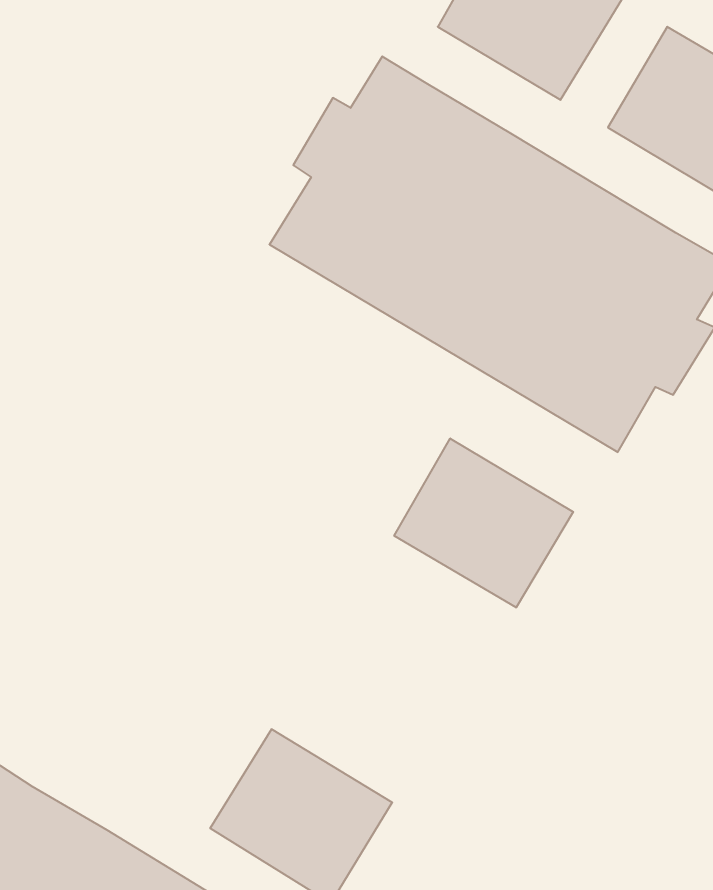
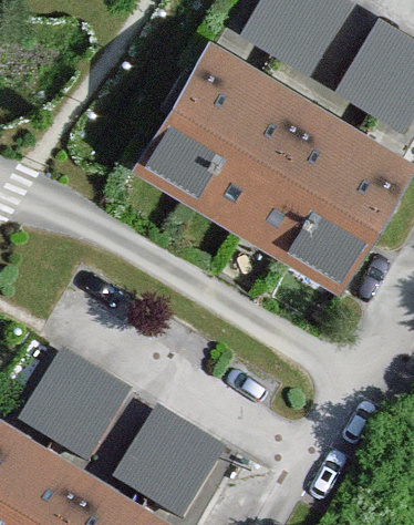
building: [394,438,573,608] -> none
building: none -> [23,361,126,459]

